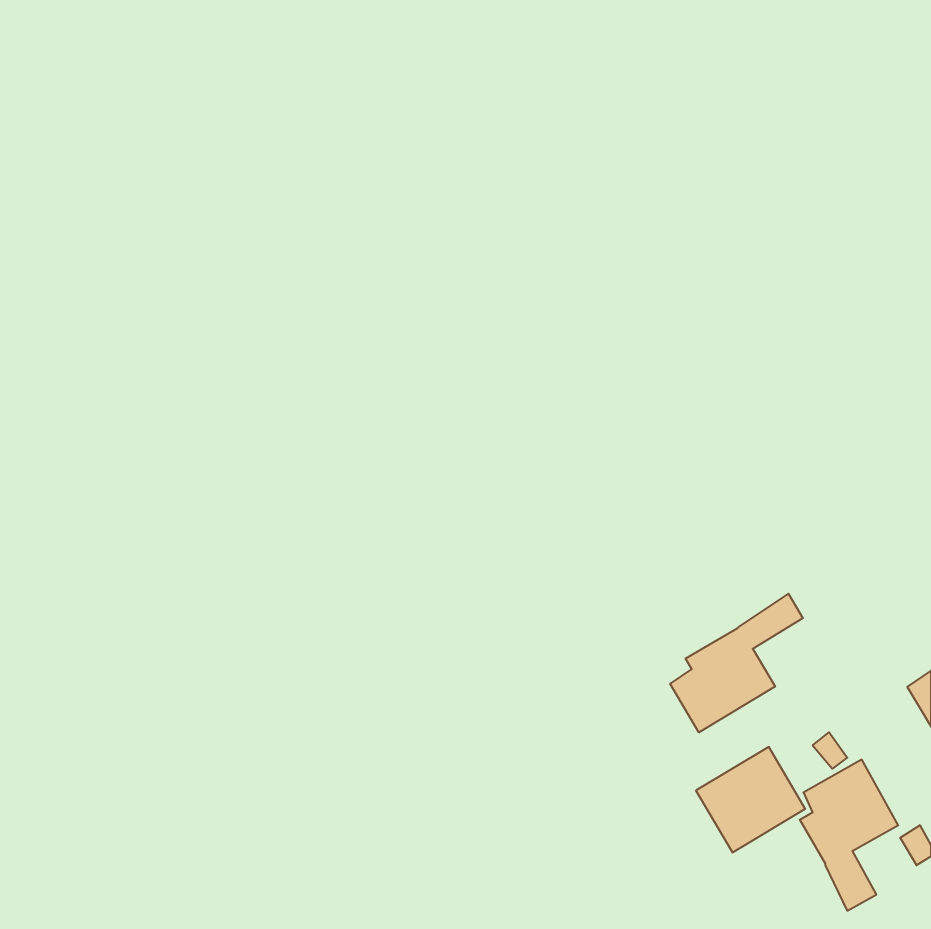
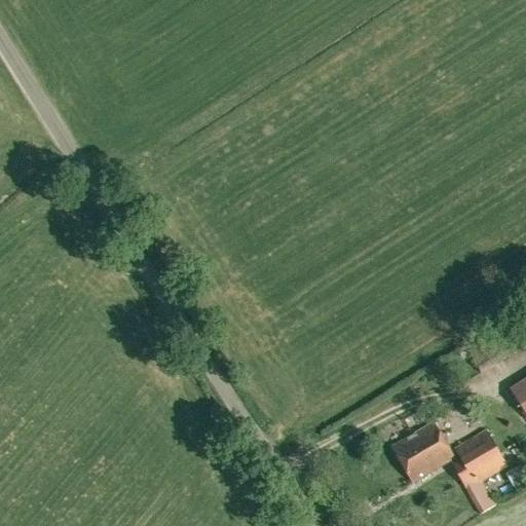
building: [670,594,803,732] -> none

